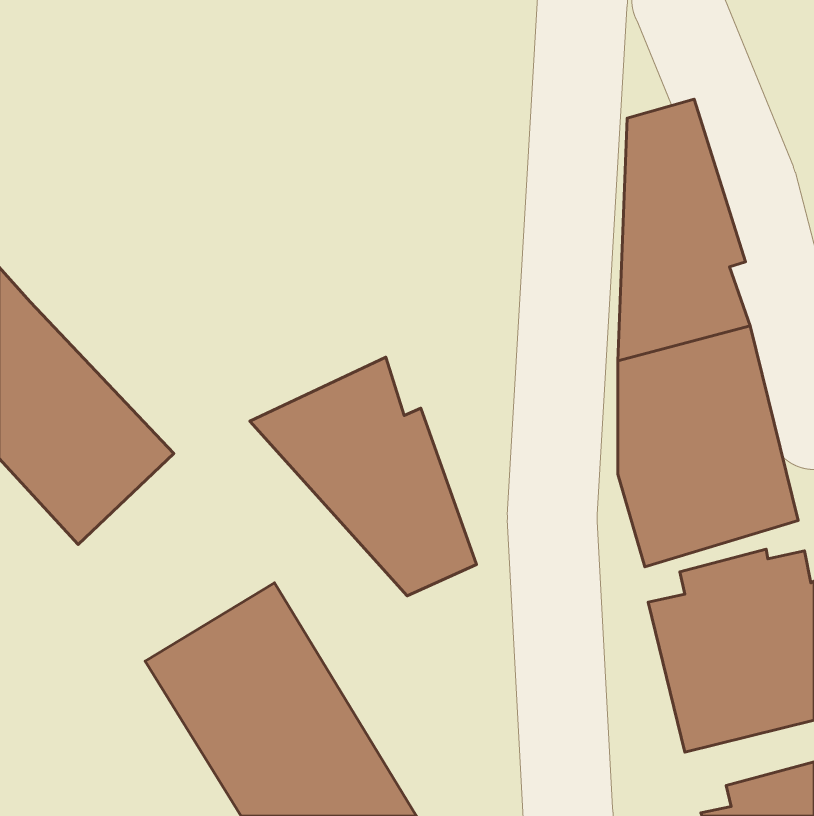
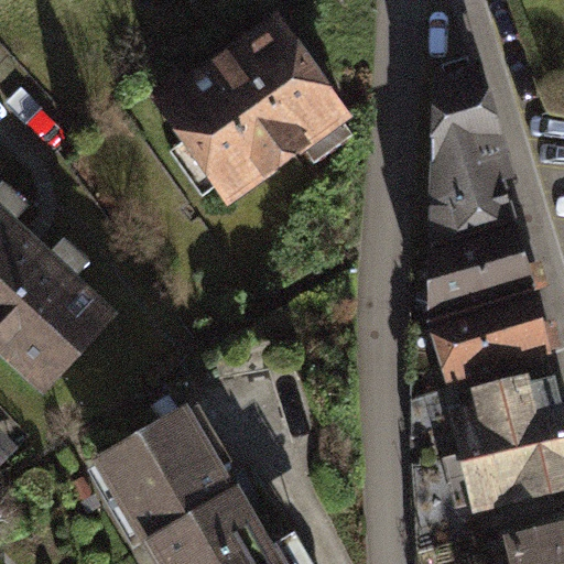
building: none -> [152,12,356,206]
building: [250,357,477,596] -> none

